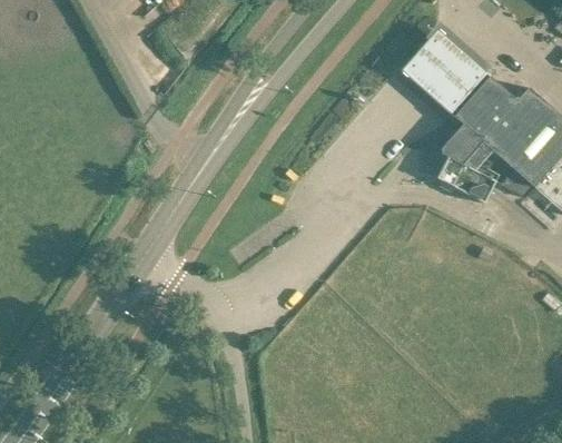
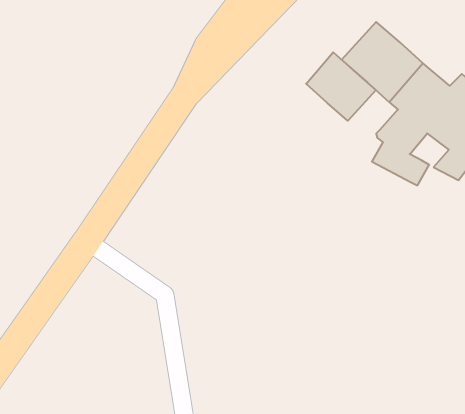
building: none -> [306,52,376,121]

